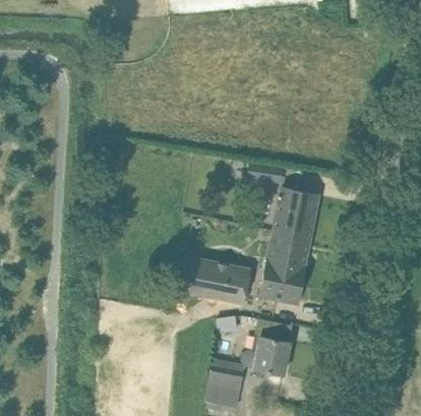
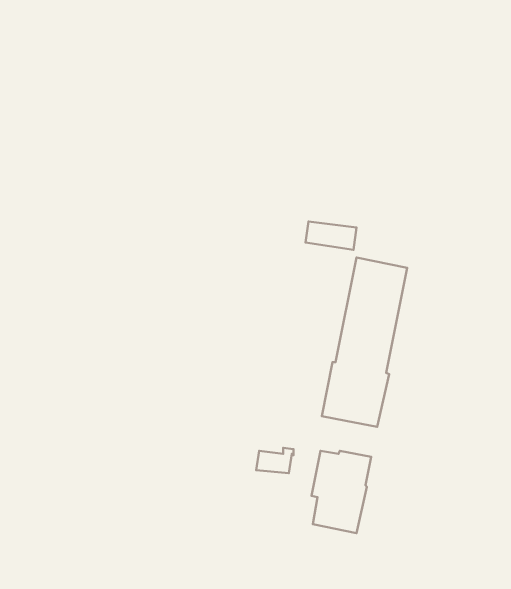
building: [177,255,250,303] -> none
building: [204,364,244,408] -> none

